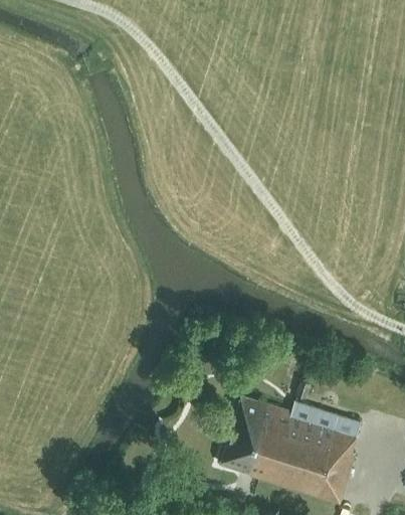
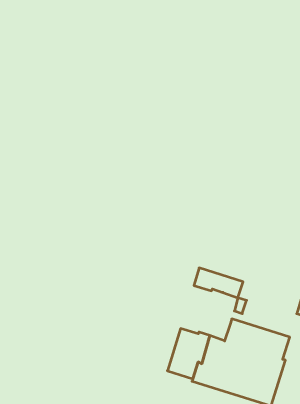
building: [237,393,293,427] -> [194,268,243,298]

